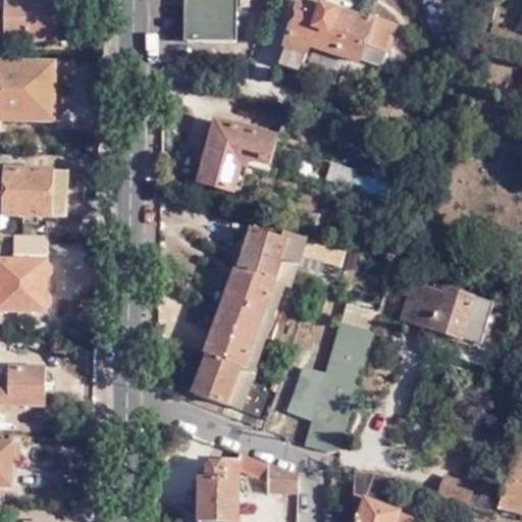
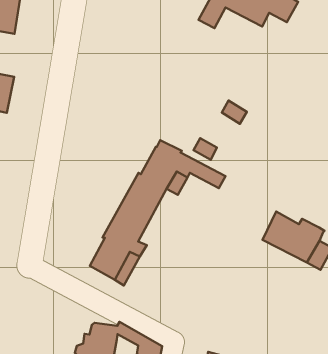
building: [198,118,275,191] -> none
building: [300,319,370,453] -> none

